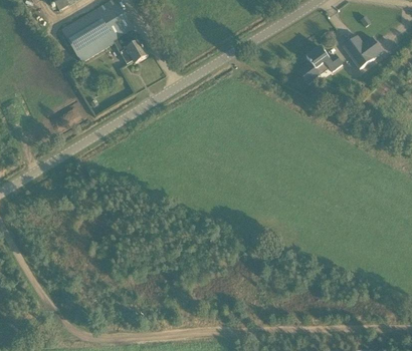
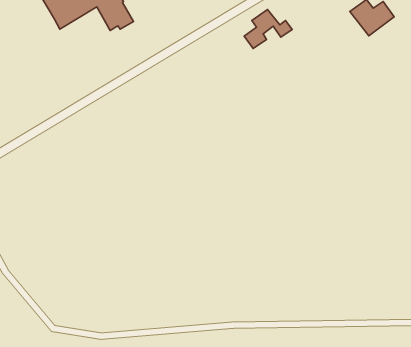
building: [298,46,342,81] -> [244,9,292,48]

